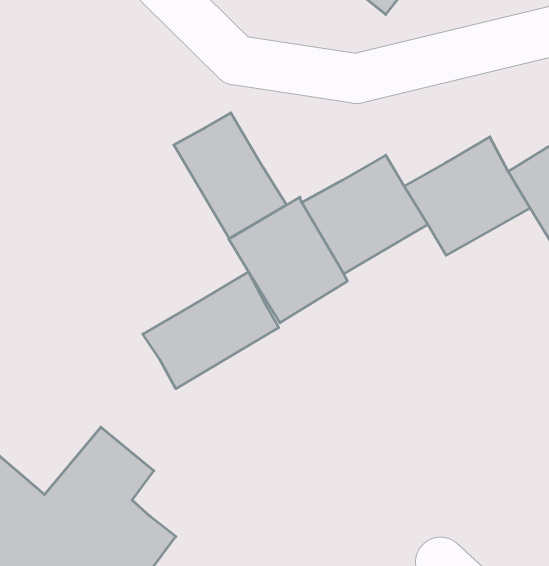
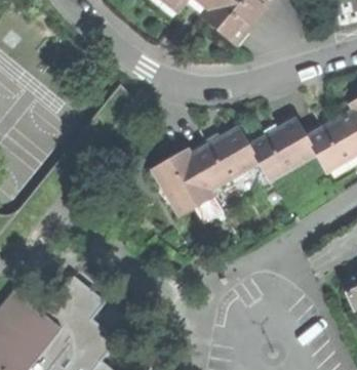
building: [174,113,287,239] -> none
building: [143,272,279,389] -> none

